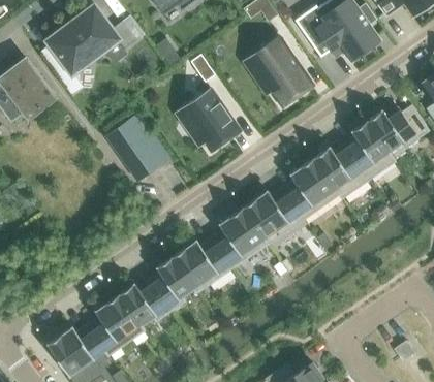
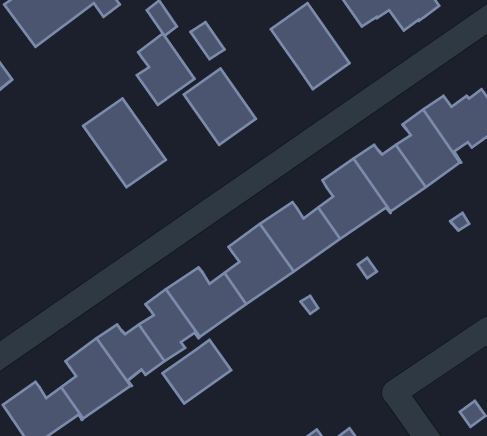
building: none -> [137,33,195,105]
building: none -> [163,340,231,404]

